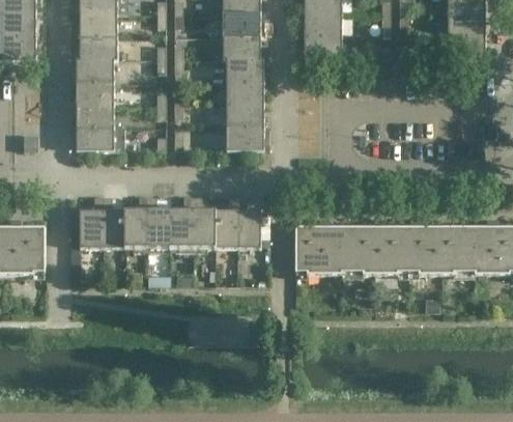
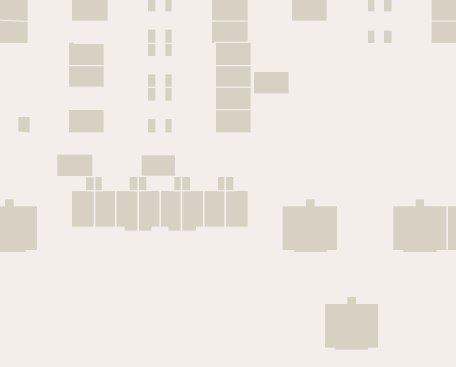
building: [79,36,117,59] -> none
building: [304,36,341,59] -> [253,71,290,94]
building: [76,104,113,126] -> [57,154,93,176]
building: none -> [141,154,176,176]
building: [351,218,407,273] -> [324,296,379,350]

